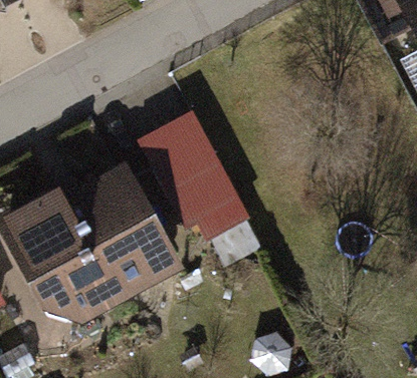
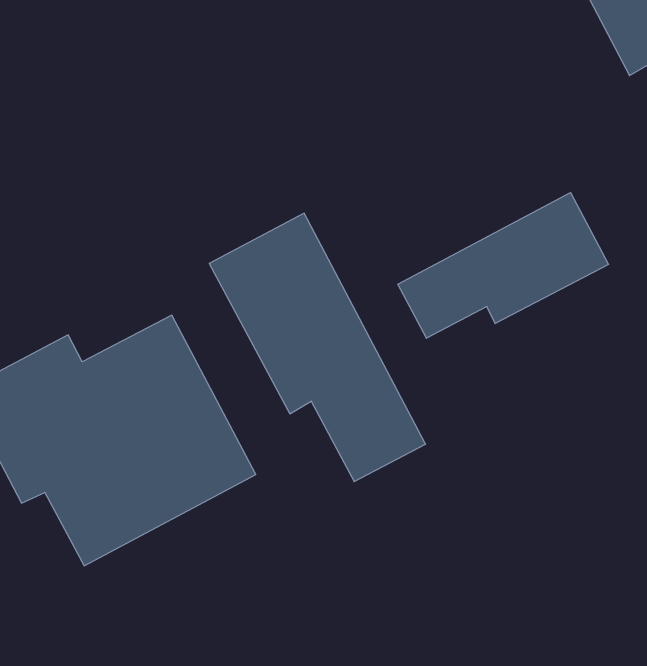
building: none -> [398,193,608,338]

